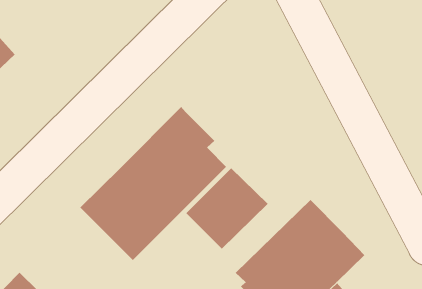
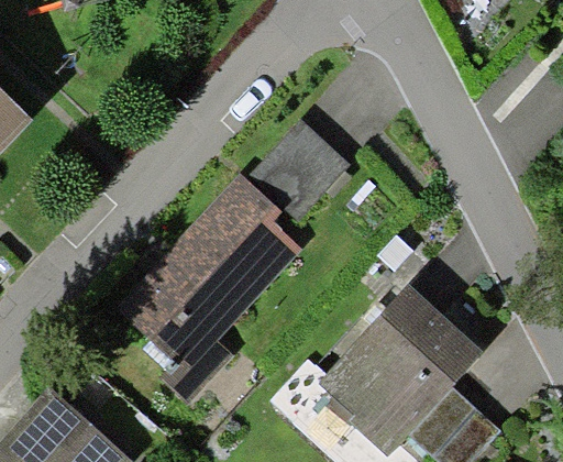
building: [185,168,269,250] -> [246,124,350,228]

